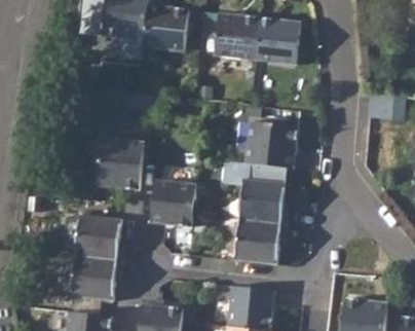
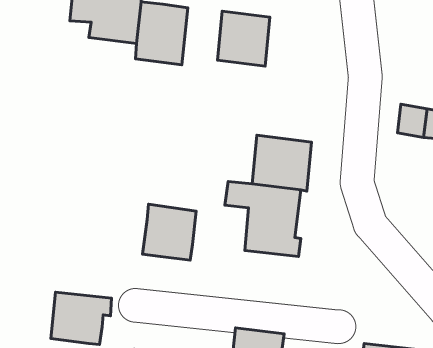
building: [256,16,299,64] -> none
building: [96,137,145,189] -> none
building: [75,212,125,259] -> none
building: [233,218,285,263] -> none

